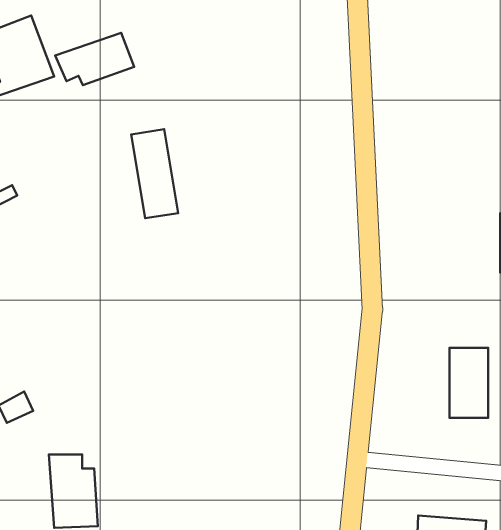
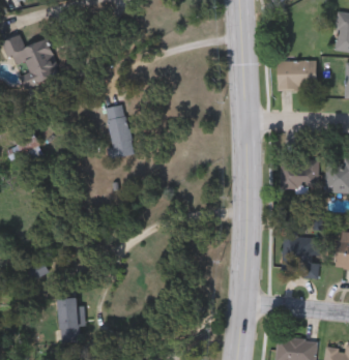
building: [55,33,134,85] -> none
building: none -> [278,60,316,89]
building: none -> [281,147,316,188]

